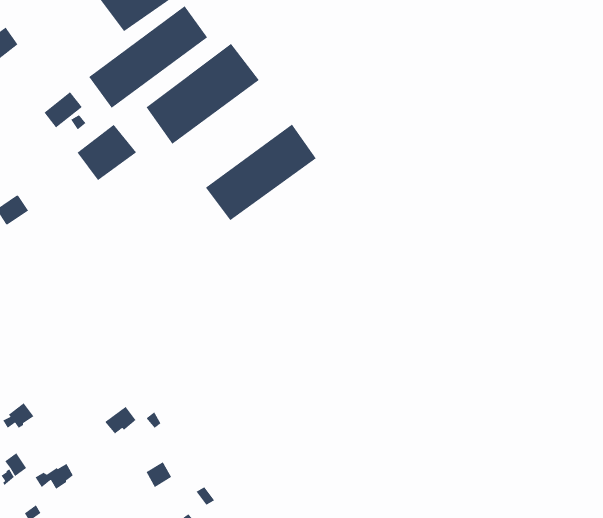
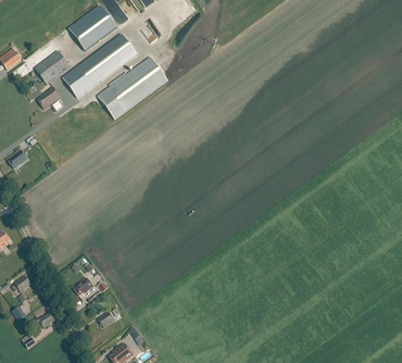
building: [205,123,317,221] -> none
building: [76,124,137,181] -> [35,49,72,84]

